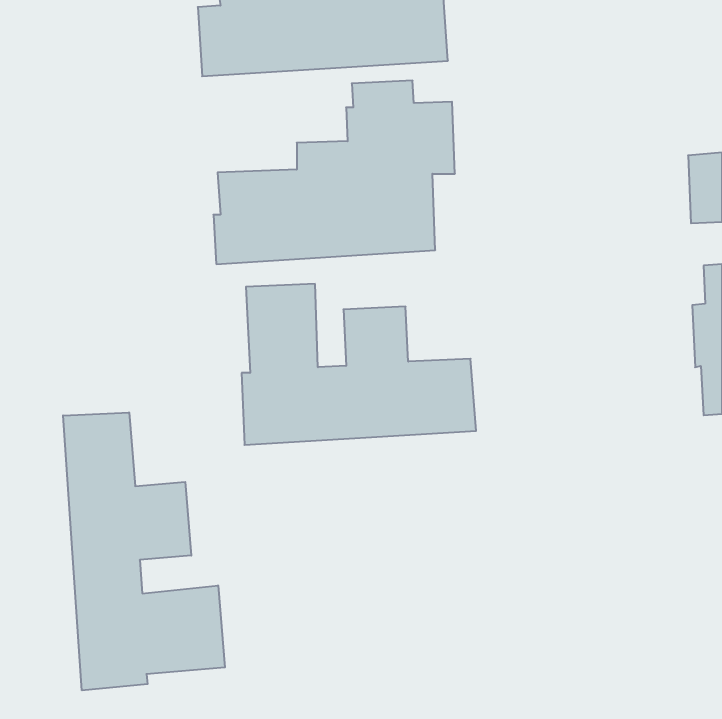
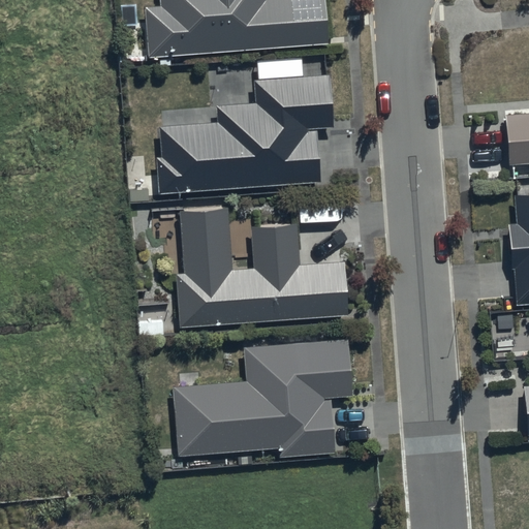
building: [63,412,225,690] -> none
building: none -> [174,340,352,457]

